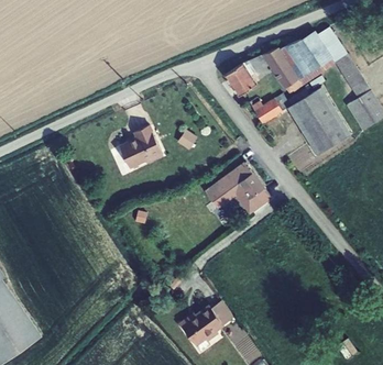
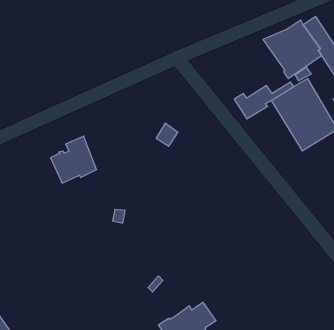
building: [223,47,299,96] -> none
building: [118,124,162,169] -> [51,136,97,183]
building: [214,162,272,208] -> none

